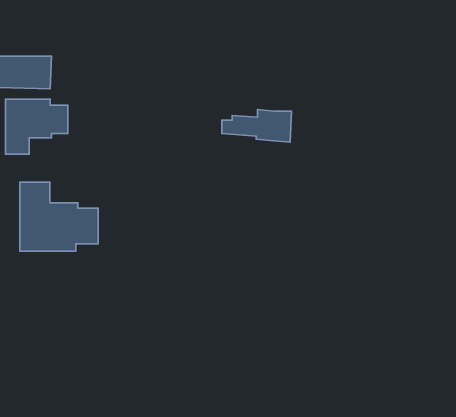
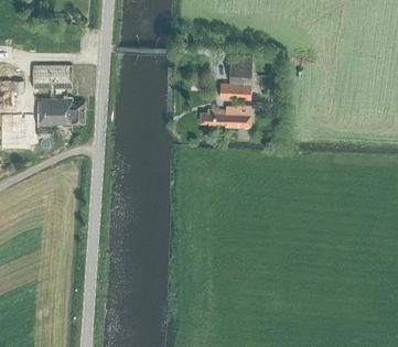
building: none -> [219,55,252,99]
building: [20,182,98,251] -> none

